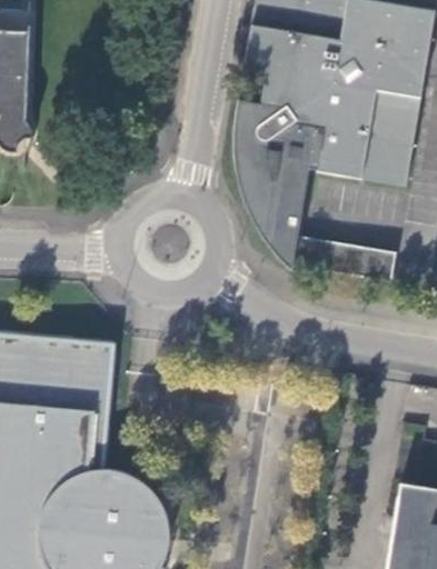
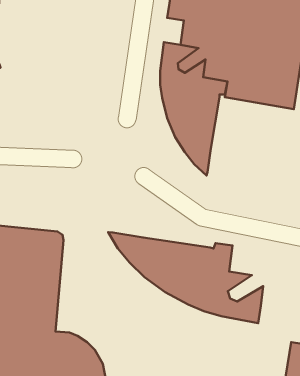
building: [296,237,398,282] -> none
building: none -> [108,232,263,323]

